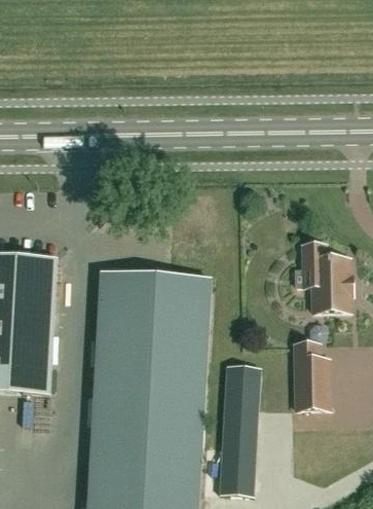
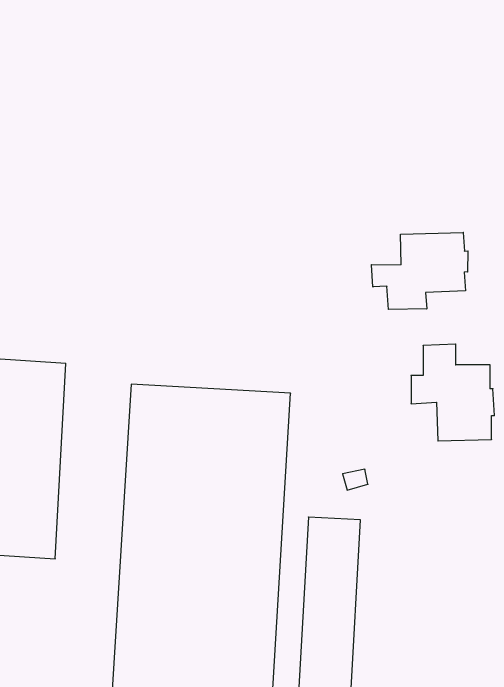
building: none -> [371,232,468,309]
building: [295,342,331,407] -> none

